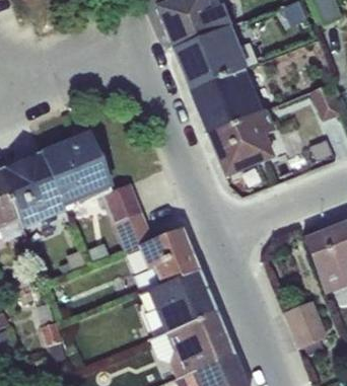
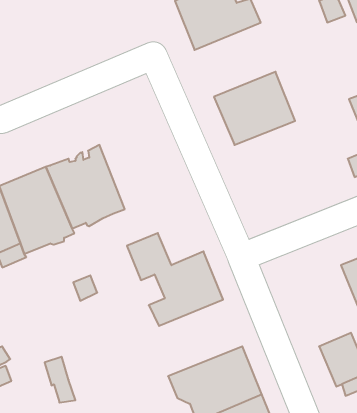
building: [174,25,249,90] -> none
building: [209,110,274,175] -> none
building: [101,181,141,222] -> none
building: [137,269,216,337] -> none

